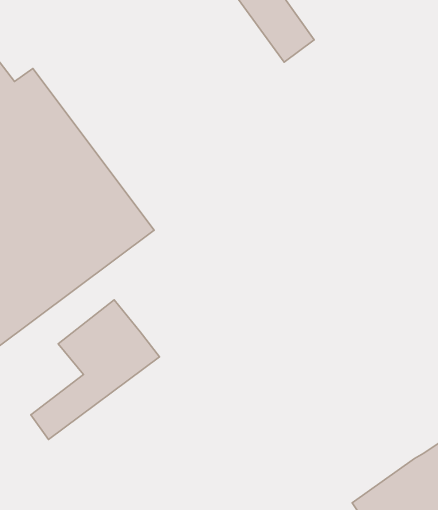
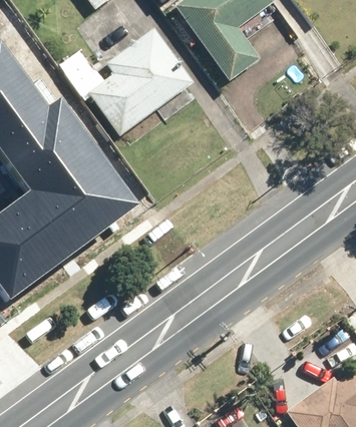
building: none -> [87,40,186,130]
building: [31,300,159,440] -> none

